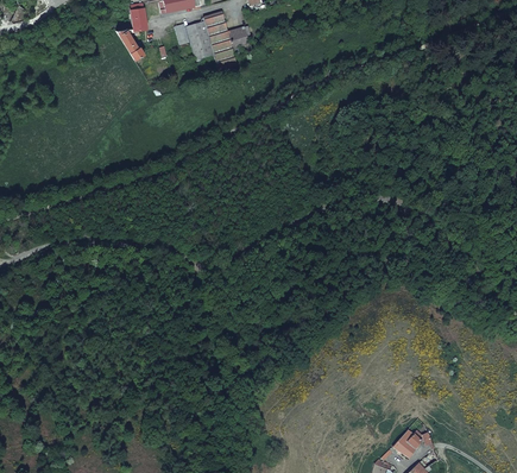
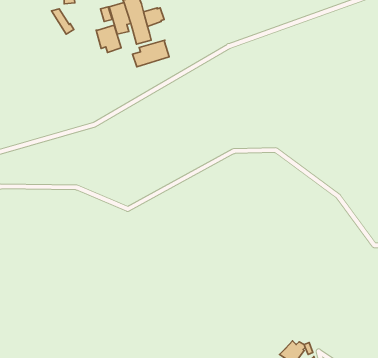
building: none -> [96,25,121,53]
building: none -> [132,40,169,67]

